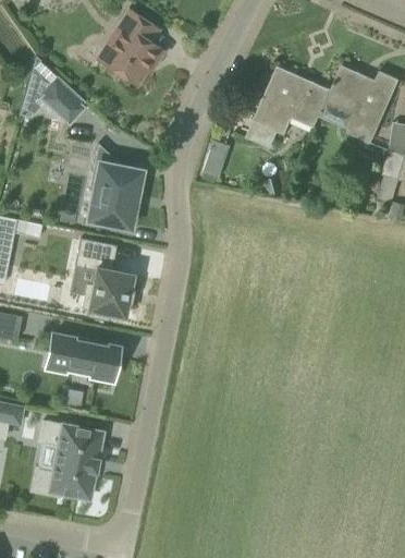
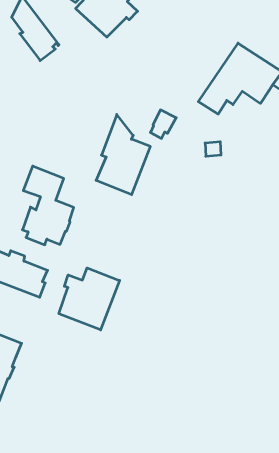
building: [88,144,140,228] -> [96,114,150,195]
building: none -> [59,268,120,330]

